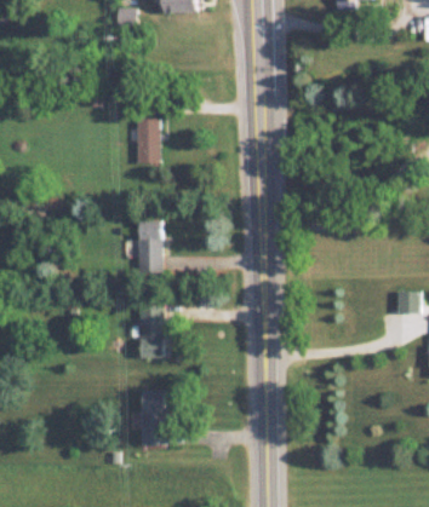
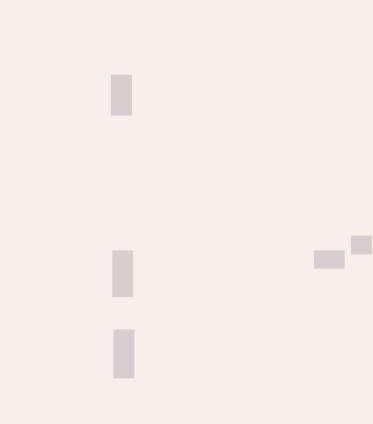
building: [137,220,161,273] -> none
building: none -> [313,249,345,269]

